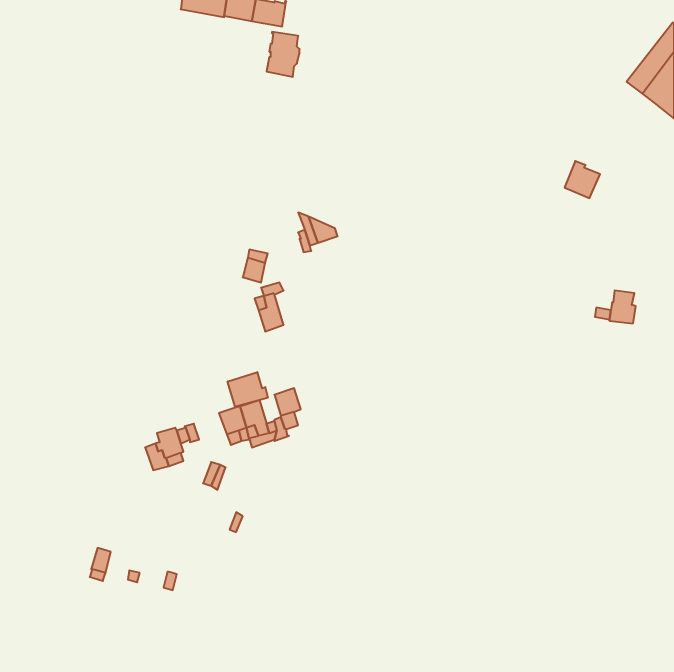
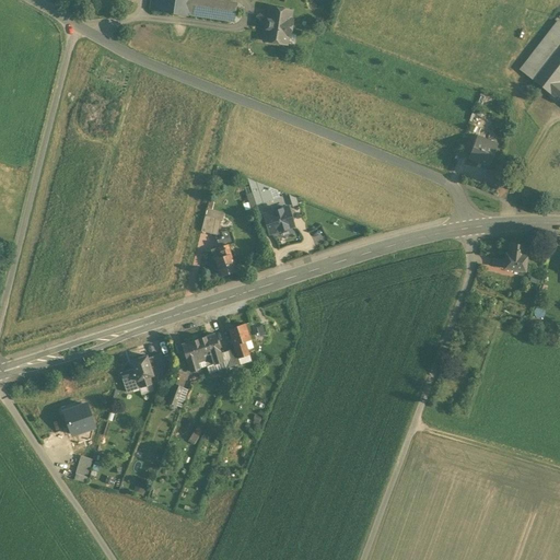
building: [267,32,300,77] -> [265,5,292,43]
building: none -> [265,207,292,231]
building: [228,372,268,407] -> none
building: none -> [65,404,92,432]

